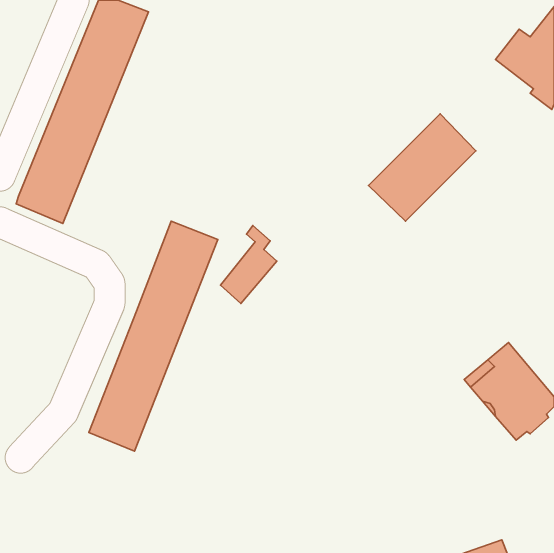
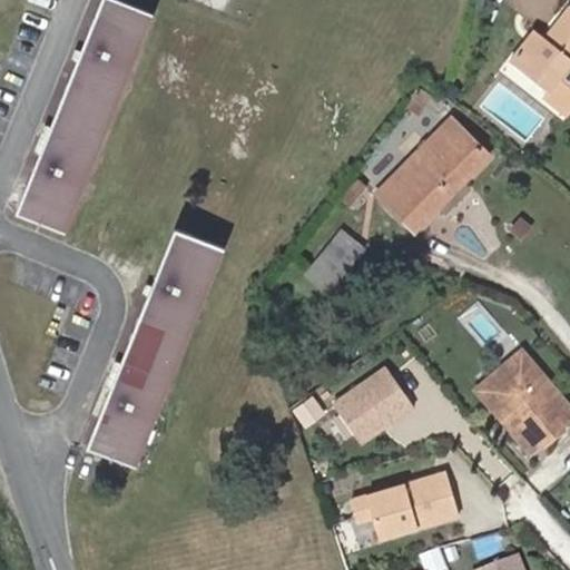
building: [220,226,277,304] -> [306,210,364,291]
building: none -> [332,368,412,444]
building: none -> [350,472,459,539]

